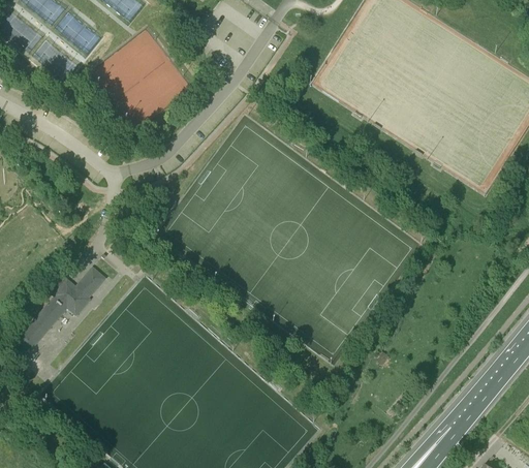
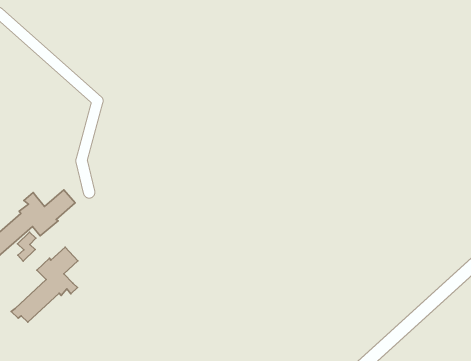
building: none -> [11,247,78,322]

